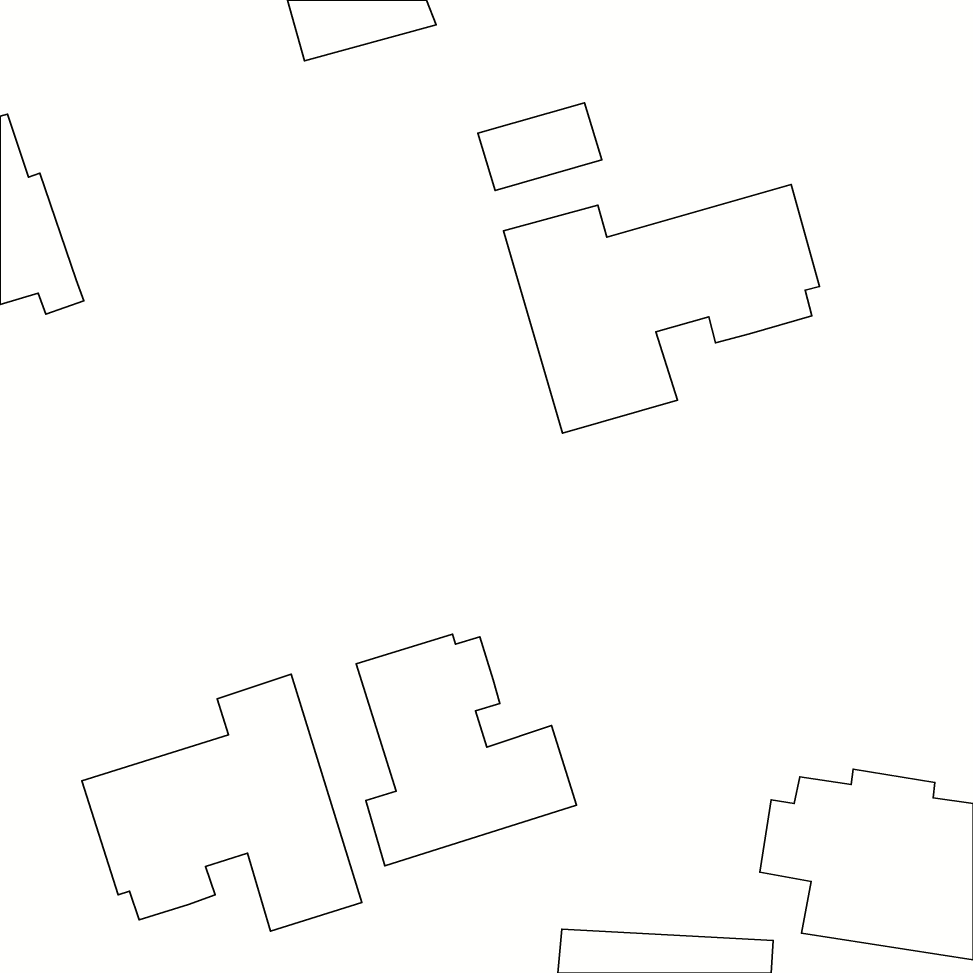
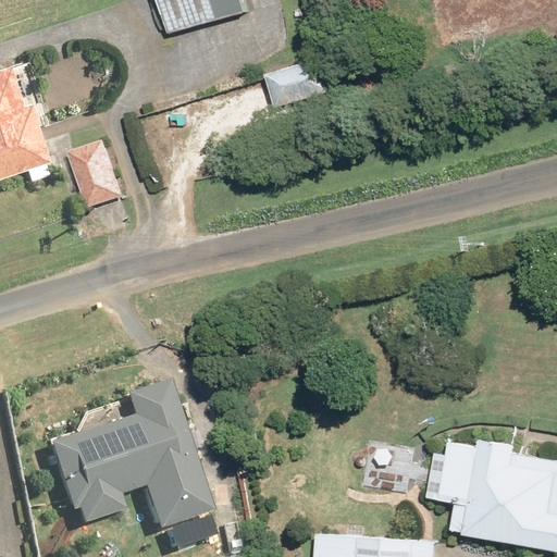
building: [503,185,820,433] -> none
building: none -> [75,141,127,208]
building: [356,634,576,866] -> none

